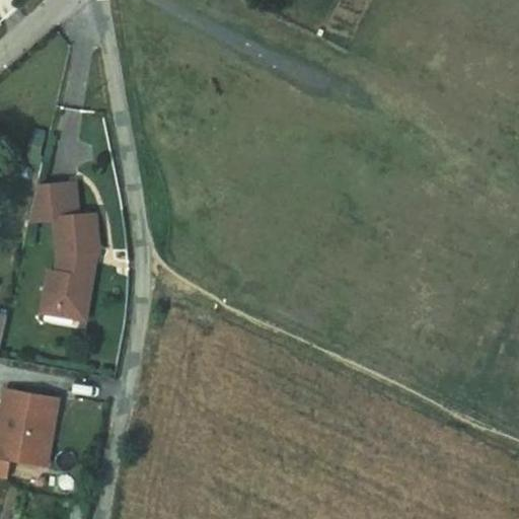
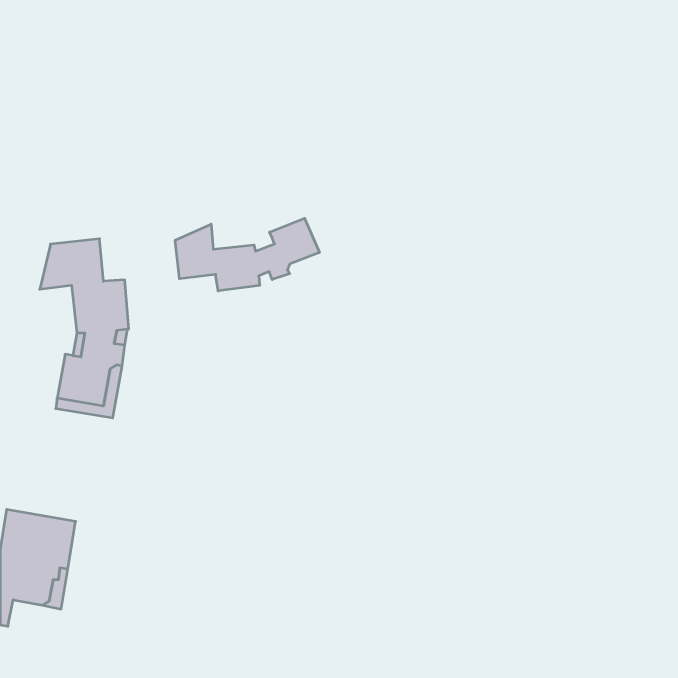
building: none -> [175,218,319,291]

